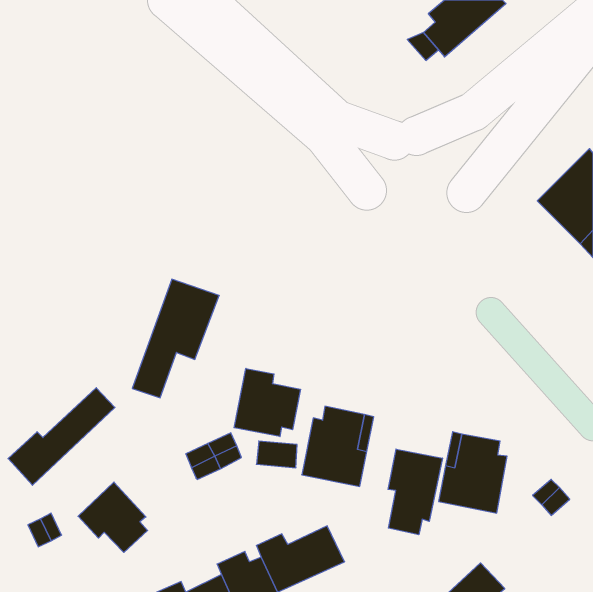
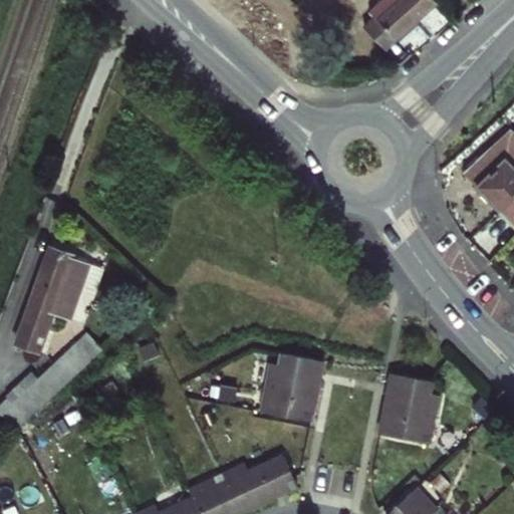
building: [132,279,219,398] -> [15,249,90,351]
building: [234,368,300,437] -> none
building: [388,449,442,535] -> none
building: [78,482,148,552] -> none

